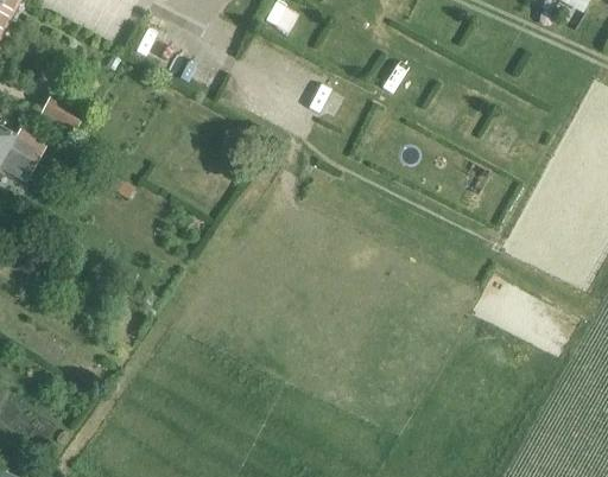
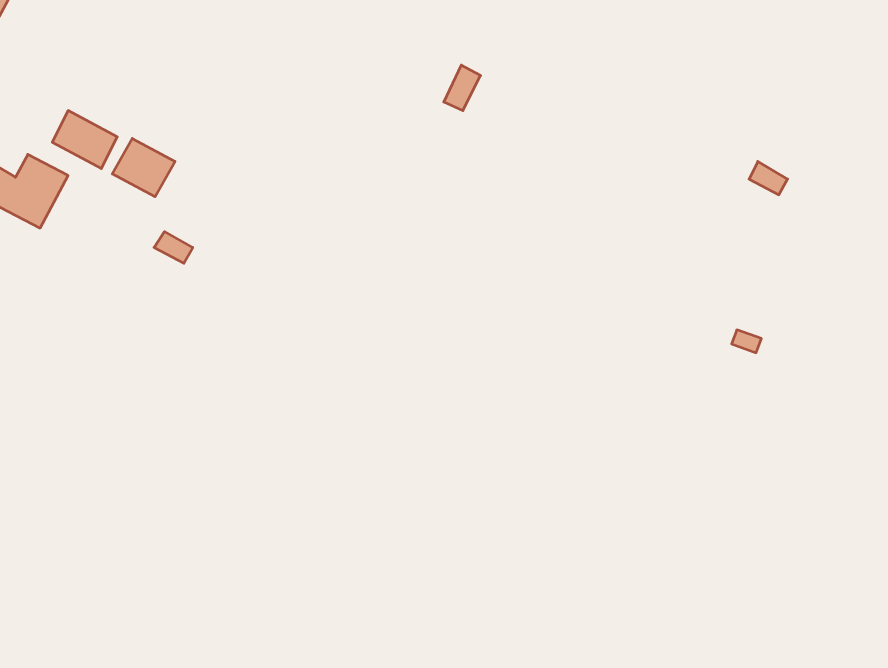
building: none -> [112,138,175,197]

